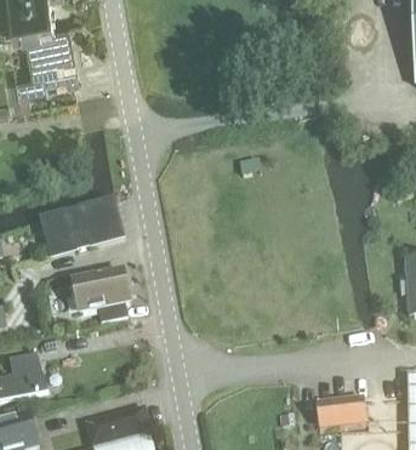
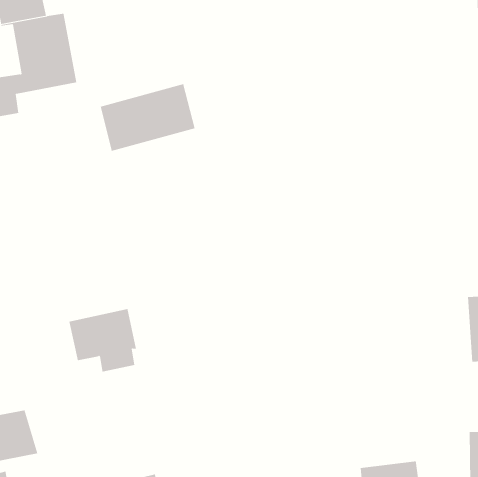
building: [42,199,122,256] -> [100,83,195,152]

